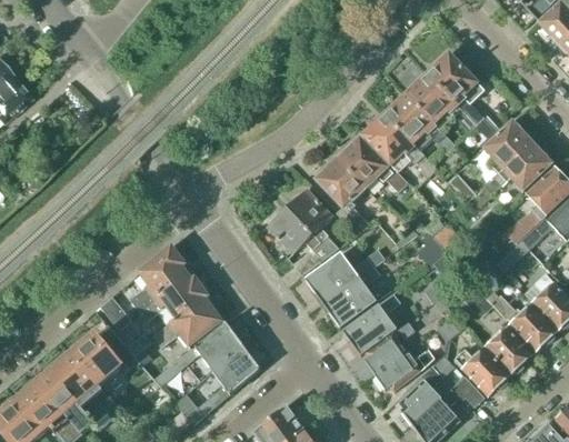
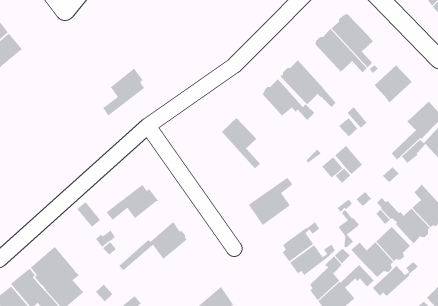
building: [386,92,455,151] -> none
building: [485,141,552,191] -> none
building: [317,157,371,233] -> none
building: [267,205,330,274] -> none
building: [130,245,186,309] -> [102,67,145,117]
building: [305,251,372,299] -> none
building: [343,293,400,354] -> none
building: [152,295,220,345] -> none
building: [72,334,122,384] -> none
building: [174,344,260,423] -> none
building: none -> [372,261,419,297]

